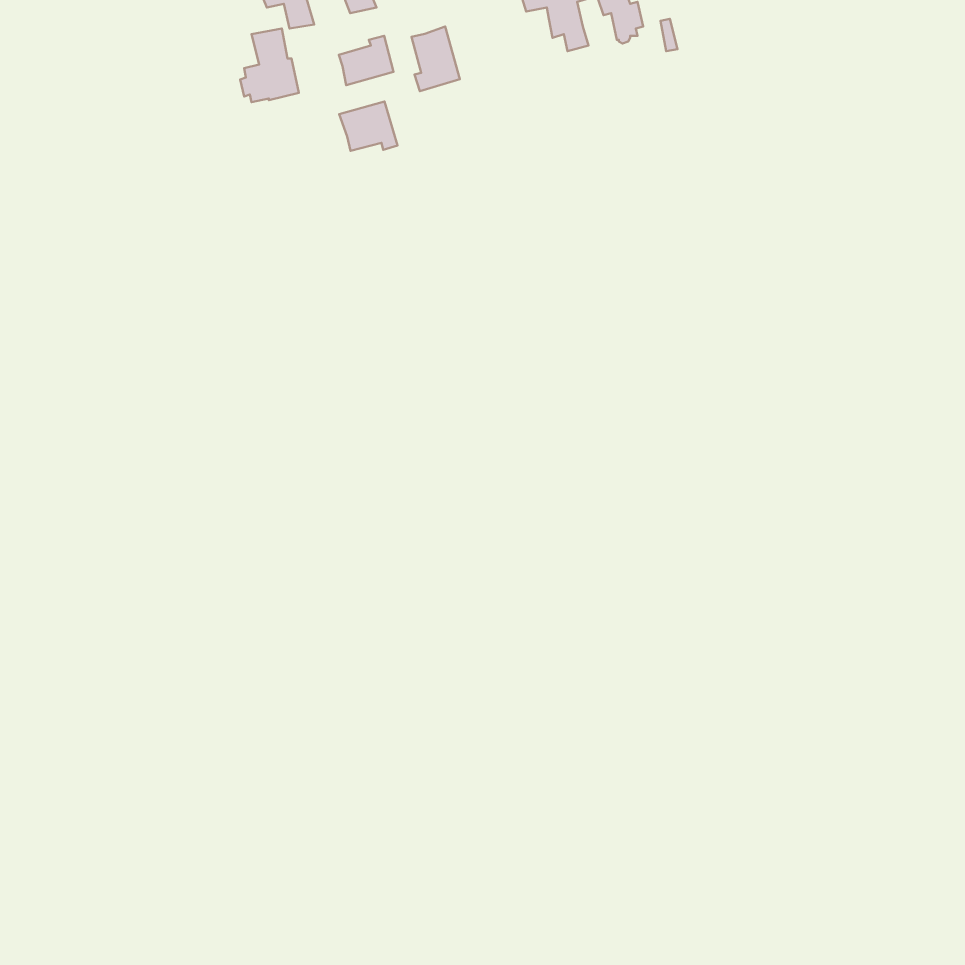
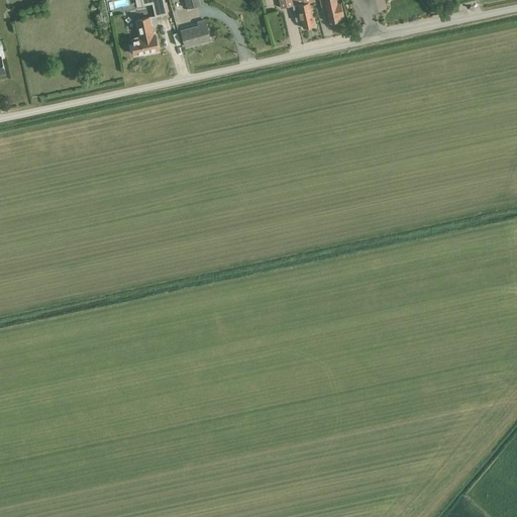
building: [411,26,460,91] -> none
building: [339,101,397,151] -> none

